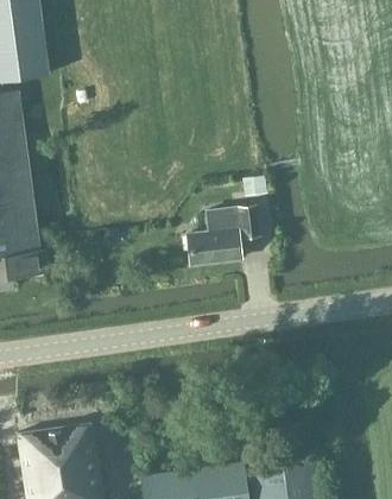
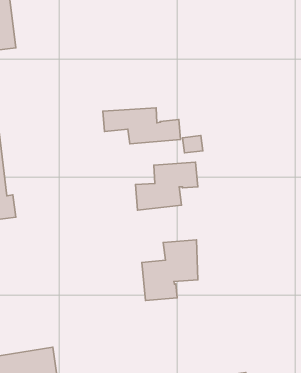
building: none -> [103,108,180,144]
building: none -> [142,240,198,300]

